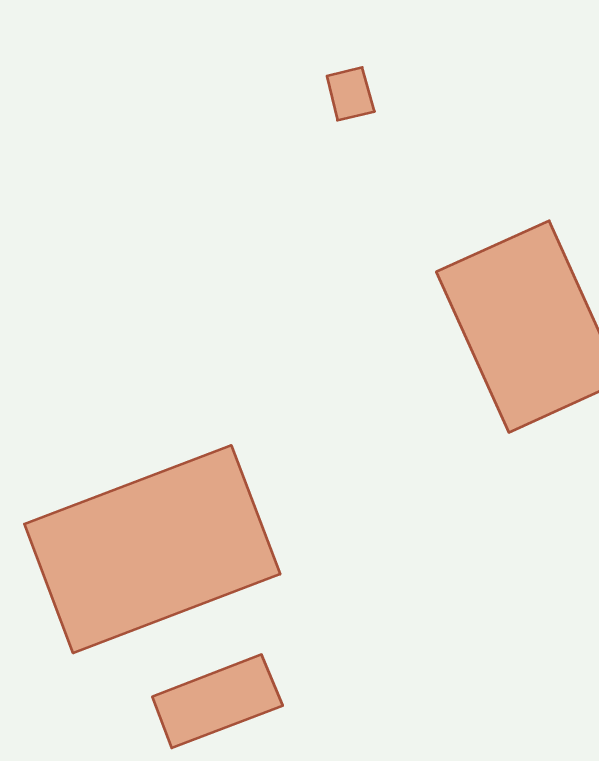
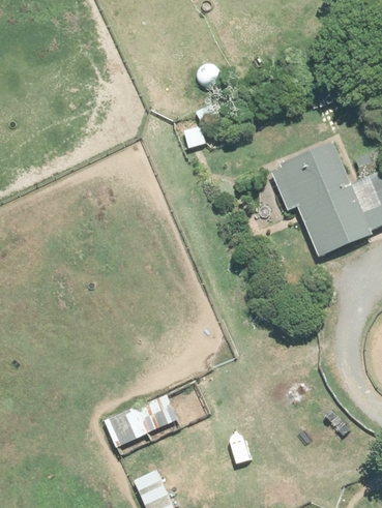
building: [24,445,280,653] -> none

